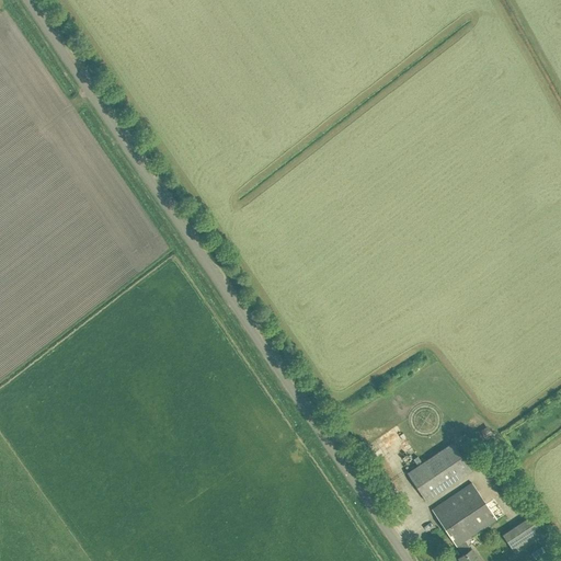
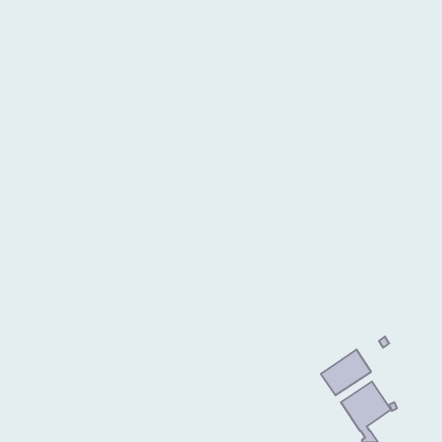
building: [502,516,543,554] -> none

